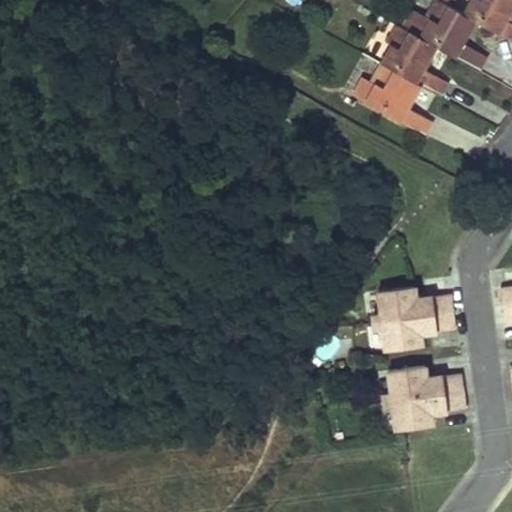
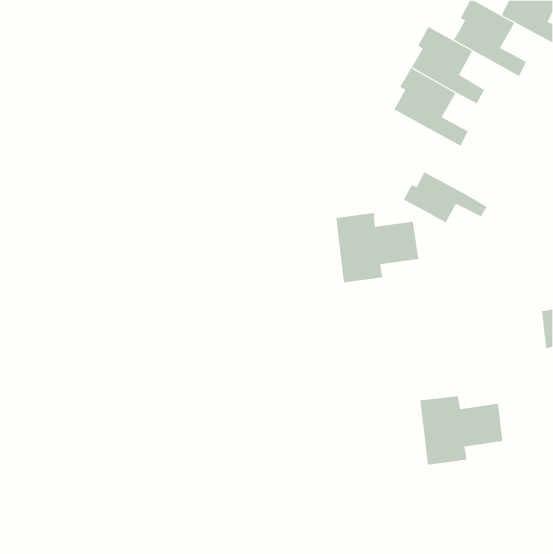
building: none -> [403,172,487,223]
building: [377,285,454,350] -> [336,212,419,283]

